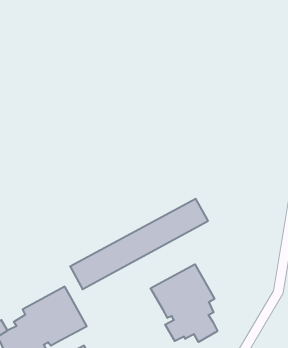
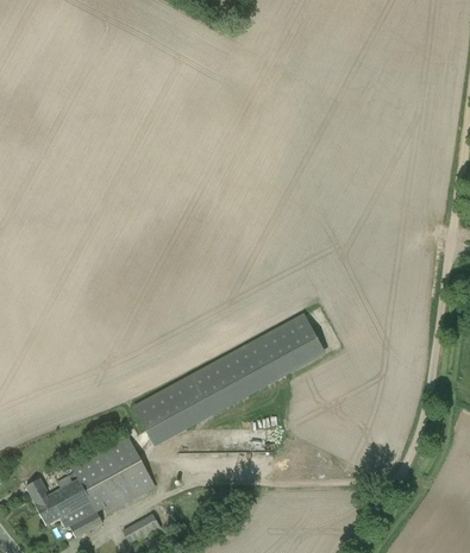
building: [151,264,217,342] -> none

